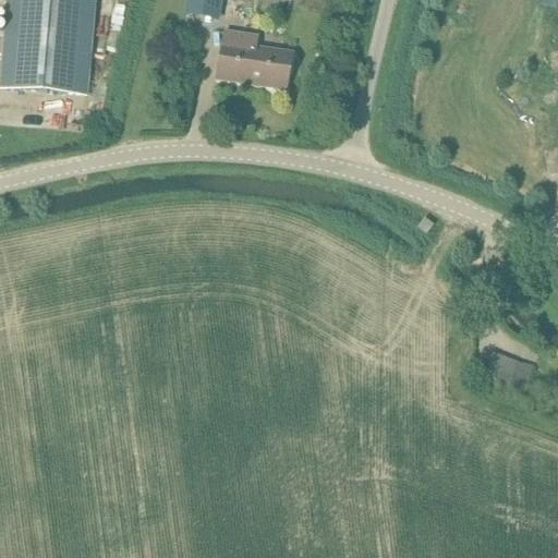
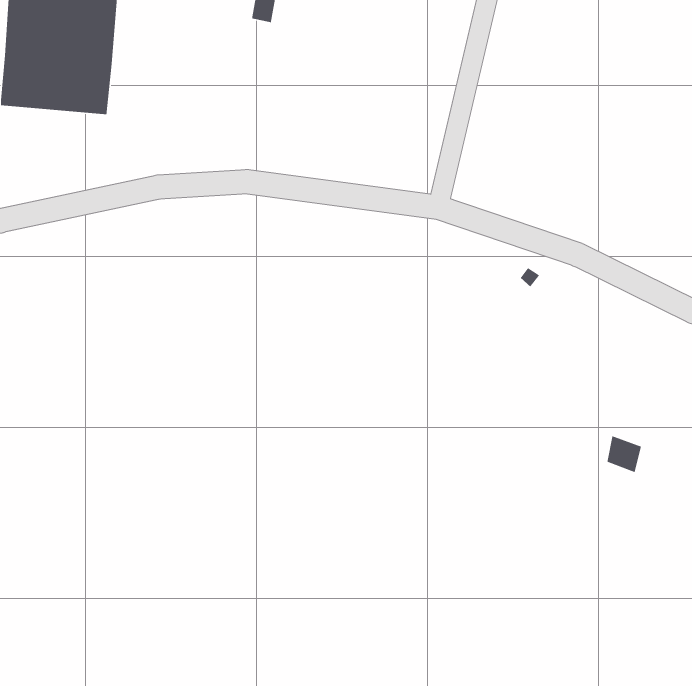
building: [218,29,293,87] -> none

